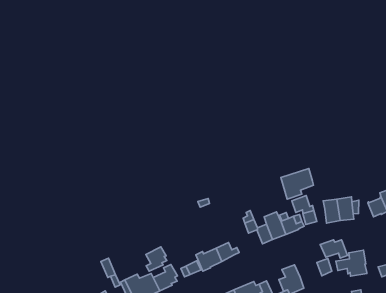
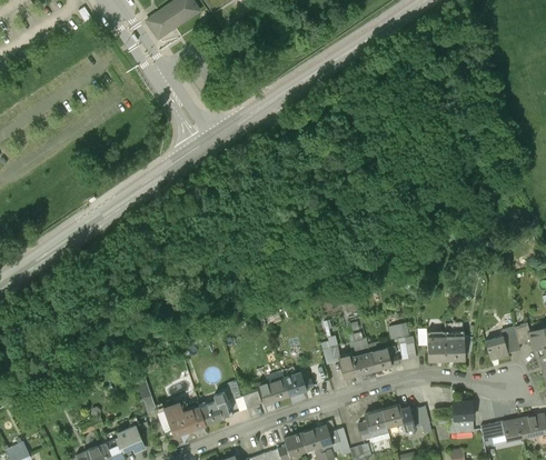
building: [281,168,314,199] -> none
building: [320,240,348,258] -> [381,406,415,430]
building: [146,247,167,271] -> none

